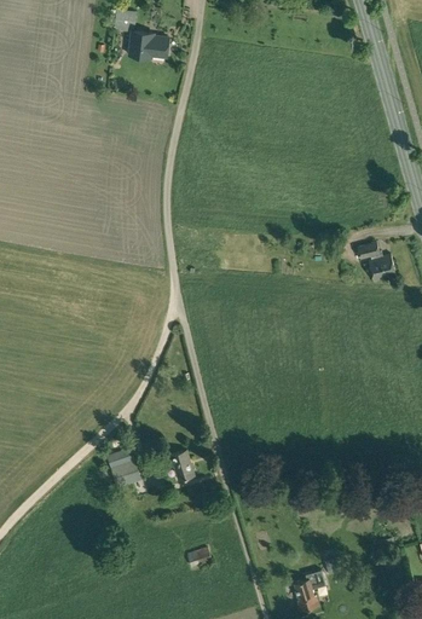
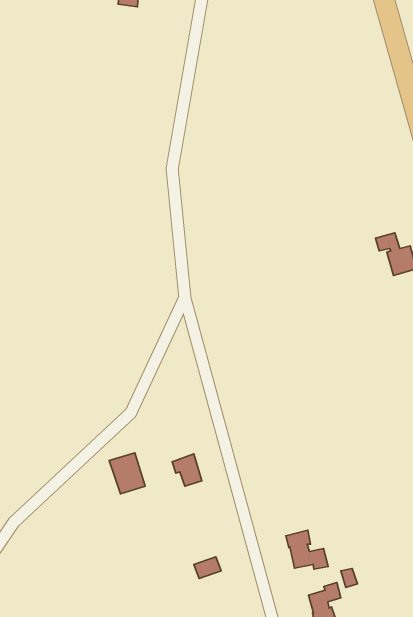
building: [126,30,168,59] -> none
building: none -> [286,530,328,569]

